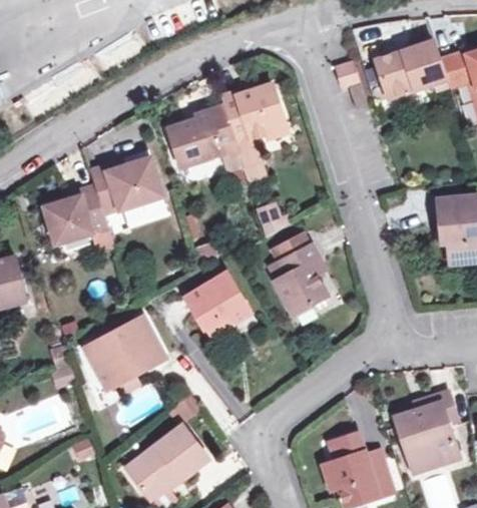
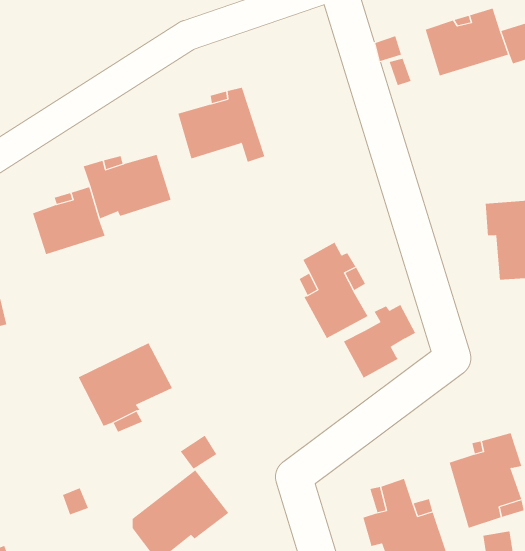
building: [219,82,286,175] -> none
building: [184,271,253,329] -> none
building: none -> [343,304,416,378]

